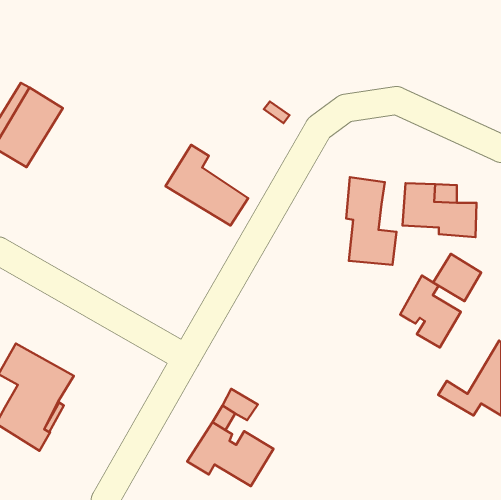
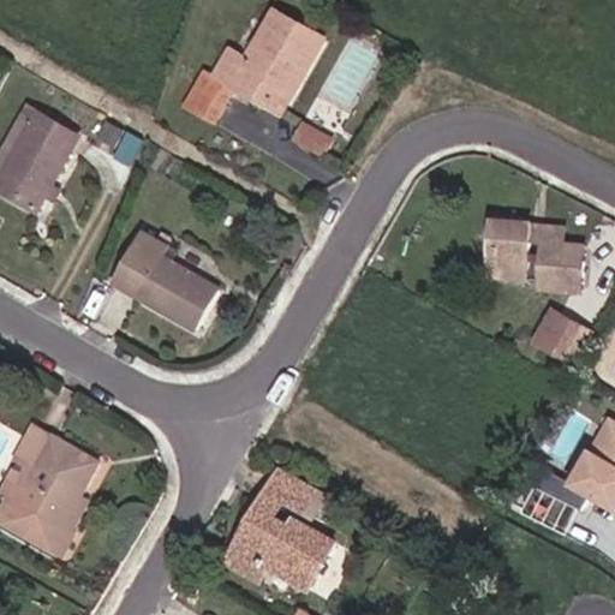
building: none -> [187,13,327,124]
building: [166,145,248,226] -> [115,221,216,320]
building: [346,177,397,265] -> none
building: [400,276,461,348] -> none

